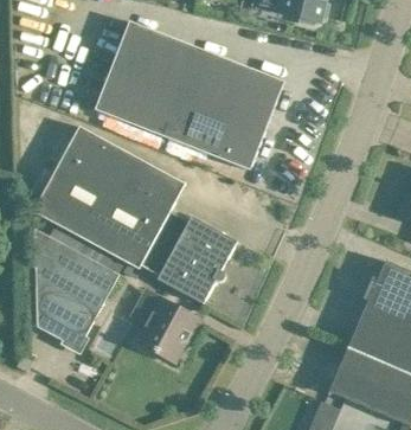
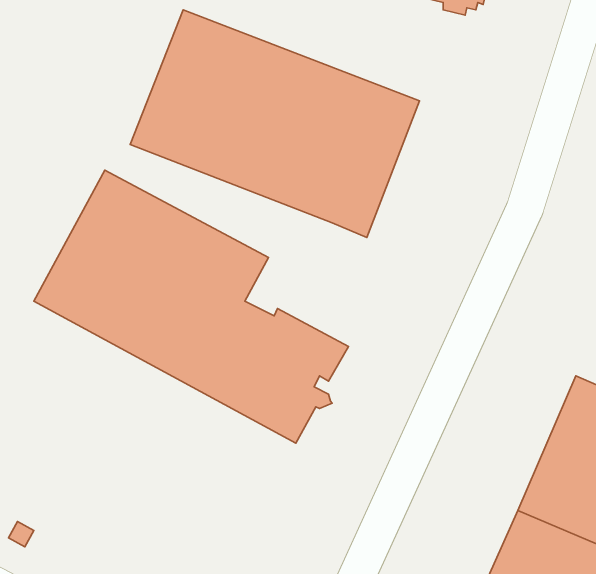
building: [33,227,118,345] -> none
building: [136,297,200,361] -> none

